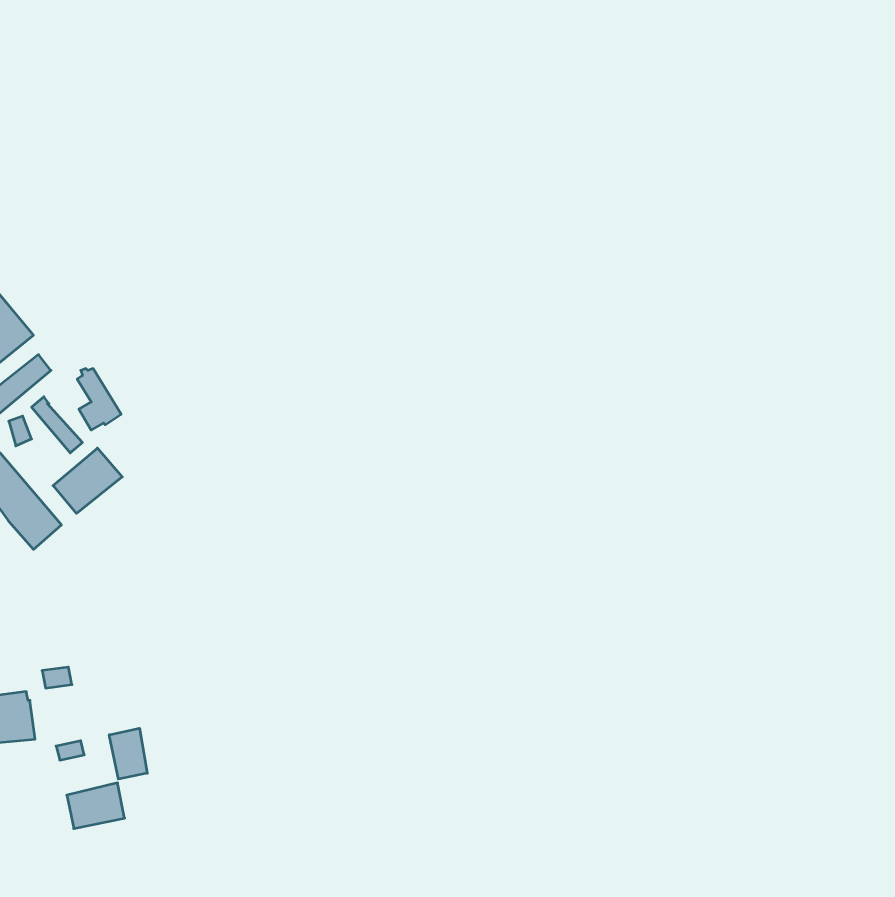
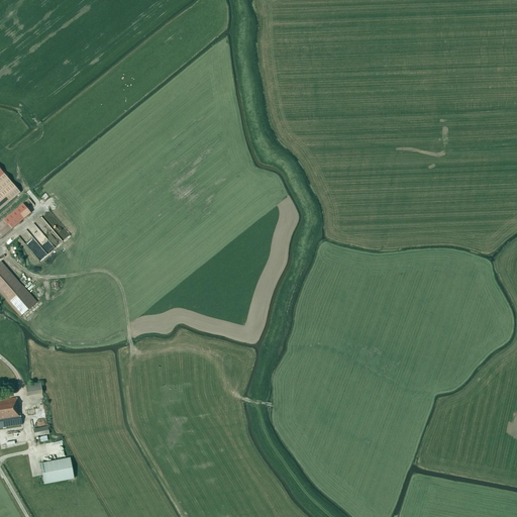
building: [53,448,122,513] -> none
building: [109,728,147,779] -> none

